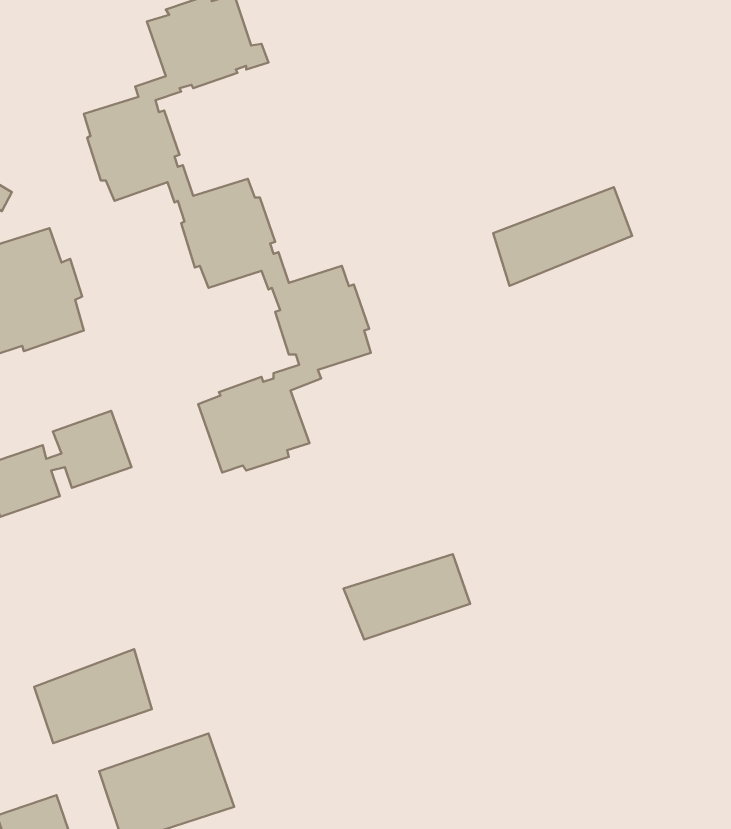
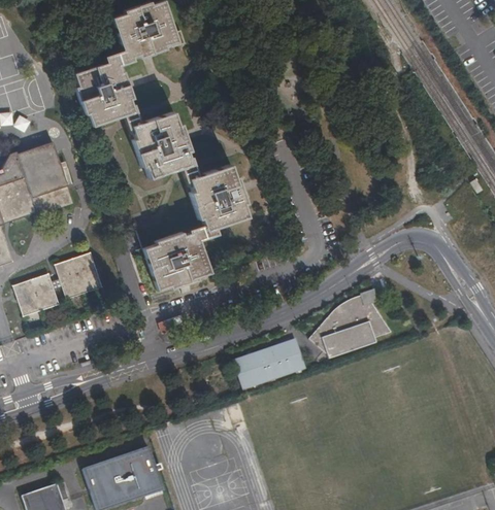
building: [493,187,632,286] -> none
building: none -> [308,296,391,359]
building: [34,649,152,743] -> none

